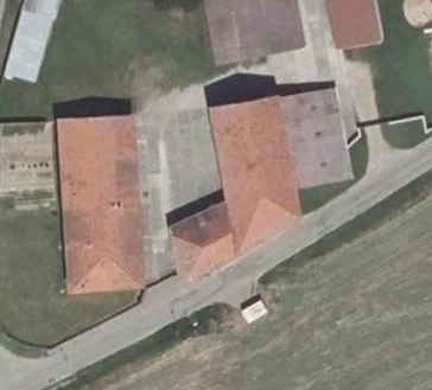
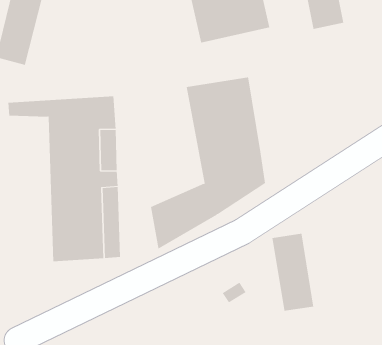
building: [274,87,344,175] -> none
building: none -> [272,233,314,312]

